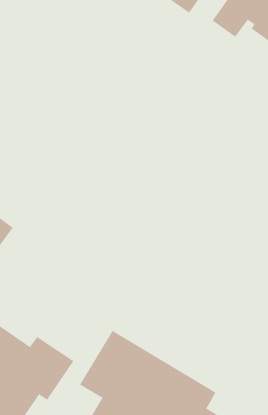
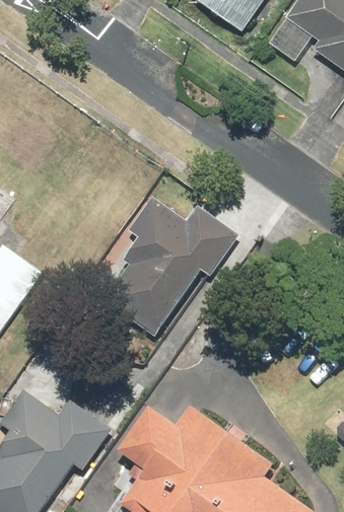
building: none -> [102,198,240,337]

